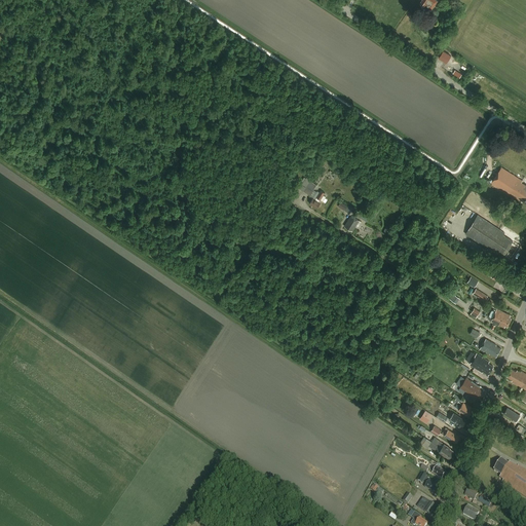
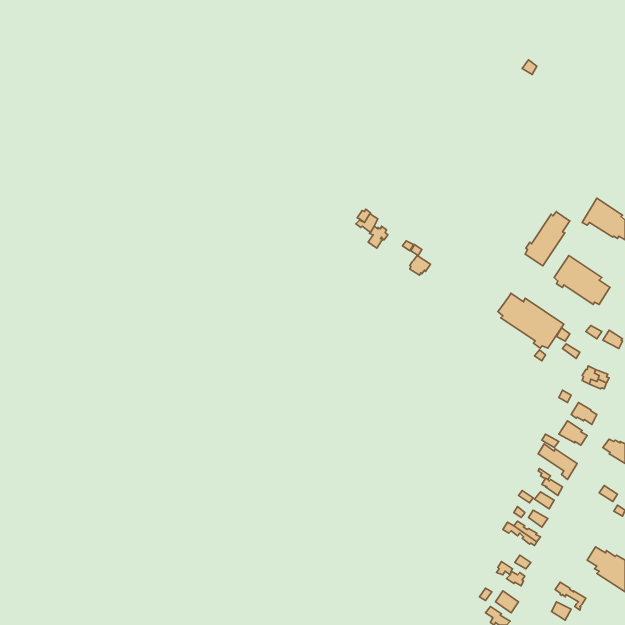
building: none -> [525,211,570,266]
building: none -> [498,293,564,348]

